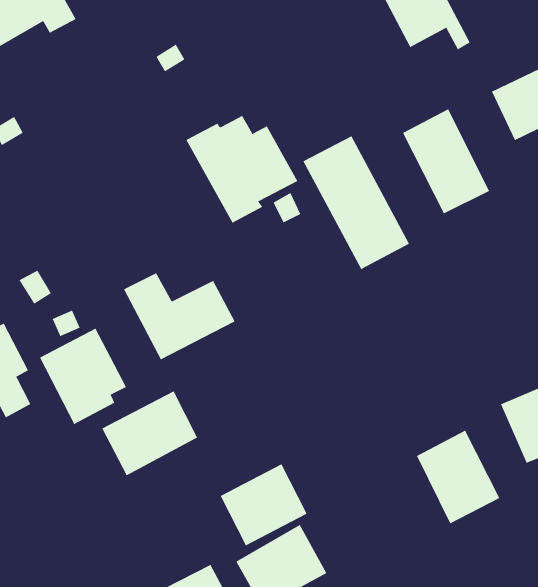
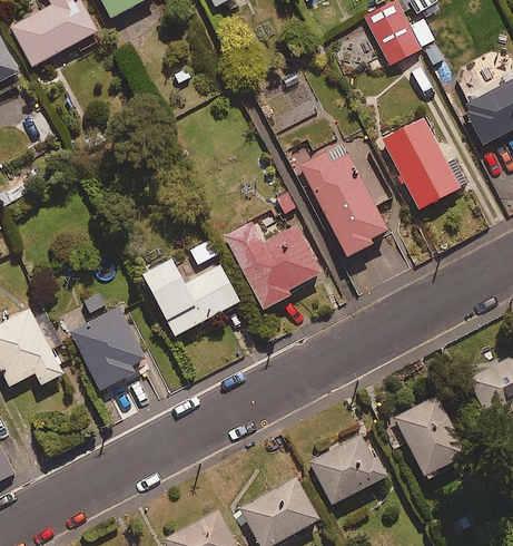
building: [186,115,298,224] -> [224,215,320,309]
building: [102,390,198,476] -> none
building: [220,464,308,546] -> [309,433,385,505]

